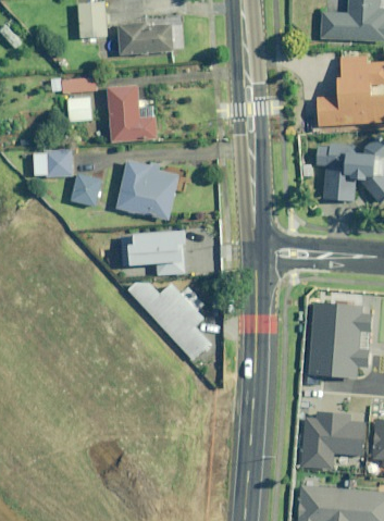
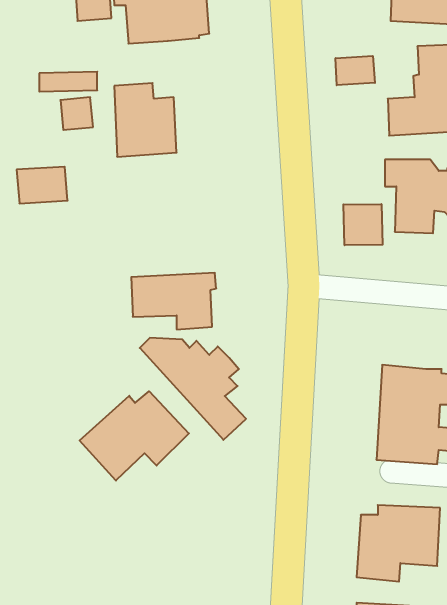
building: none -> [336,56,375,85]
building: [116,160,178,219] -> none
building: [71,174,100,204] -> none
building: none -> [343,204,383,245]
building: none -> [80,391,189,481]

